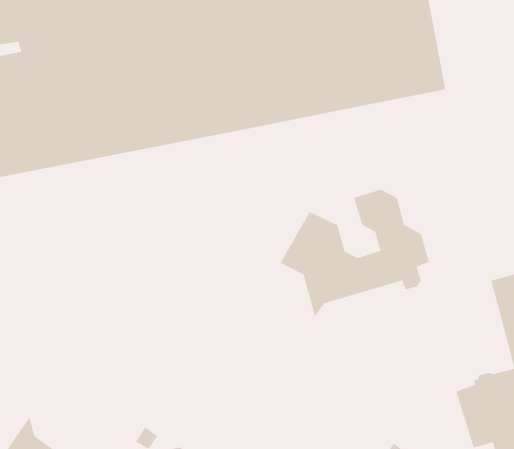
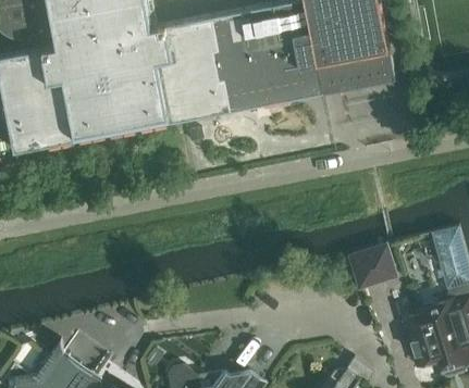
building: [280,189,429,317] -> none
building: none -> [349,247,394,288]

